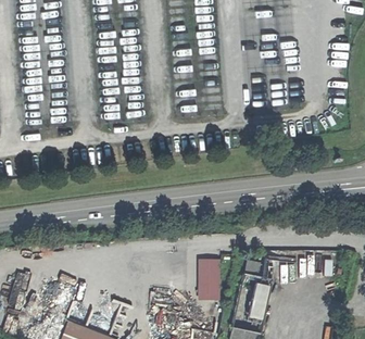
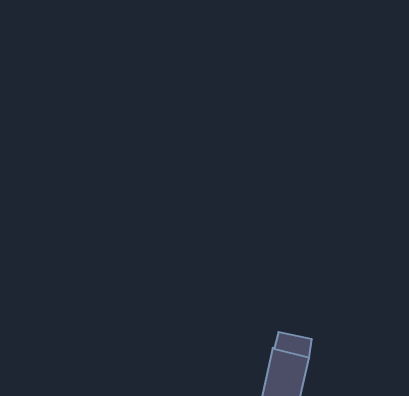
building: [199,259,218,303] -> none

